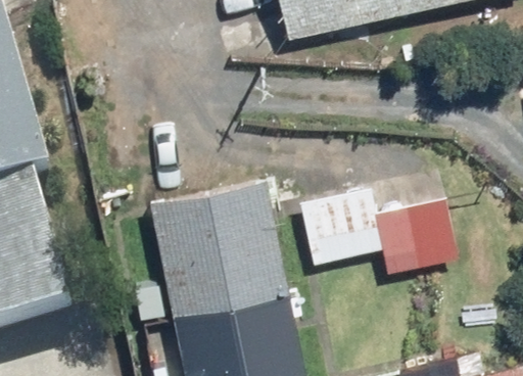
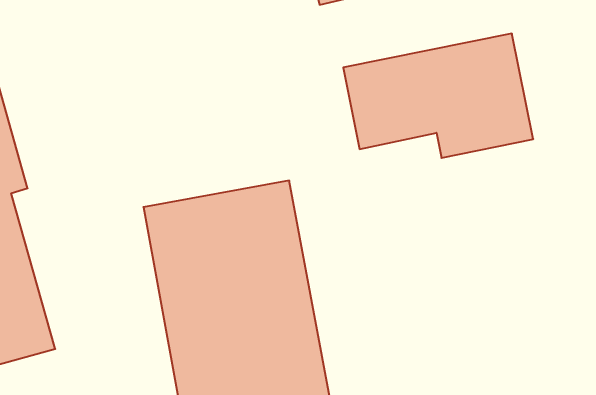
building: [302,178,457,279] -> [343,34,533,158]

